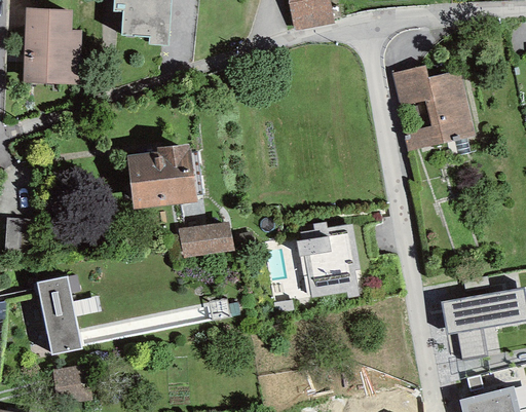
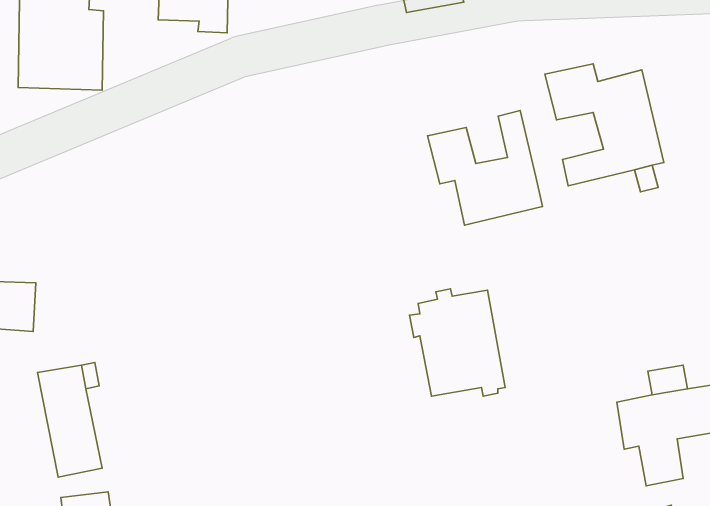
building: none -> [427,111,542,225]
building: [127,144,197,209] -> none
building: [179,221,234,257] -> none

